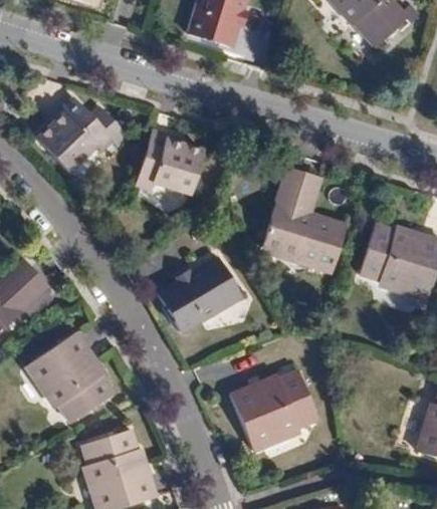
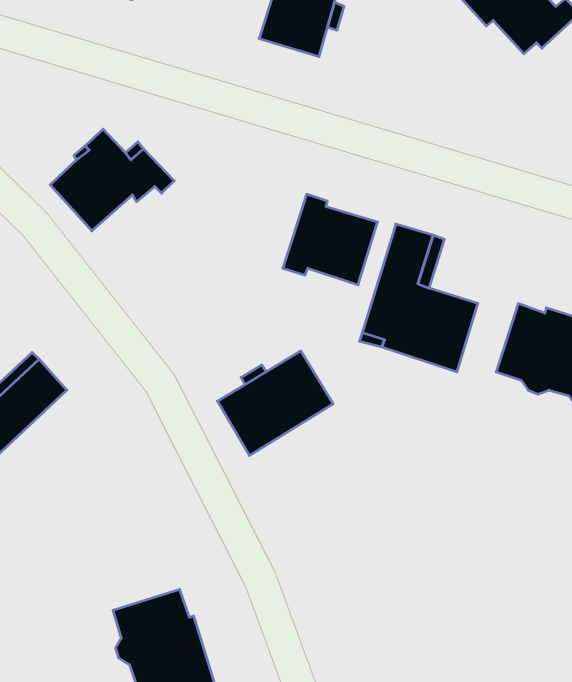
building: [135,131,203,196] -> [283,194,378,285]
building: [26,332,114,423] -> none
building: [230,370,317,450] -> none

